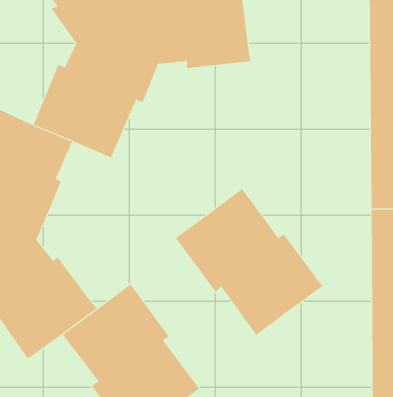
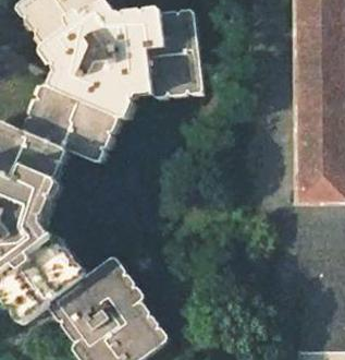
building: [175,188,323,336] -> none

